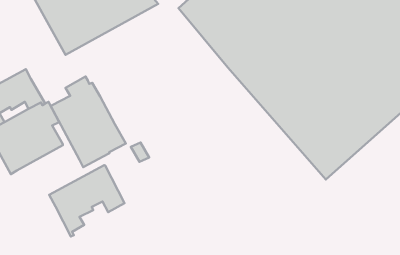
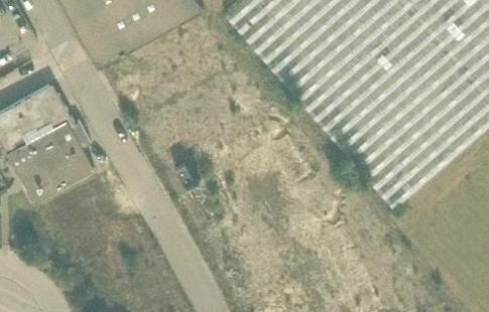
building: [51,77,126,167] -> none
building: [49,165,124,236] -> none

